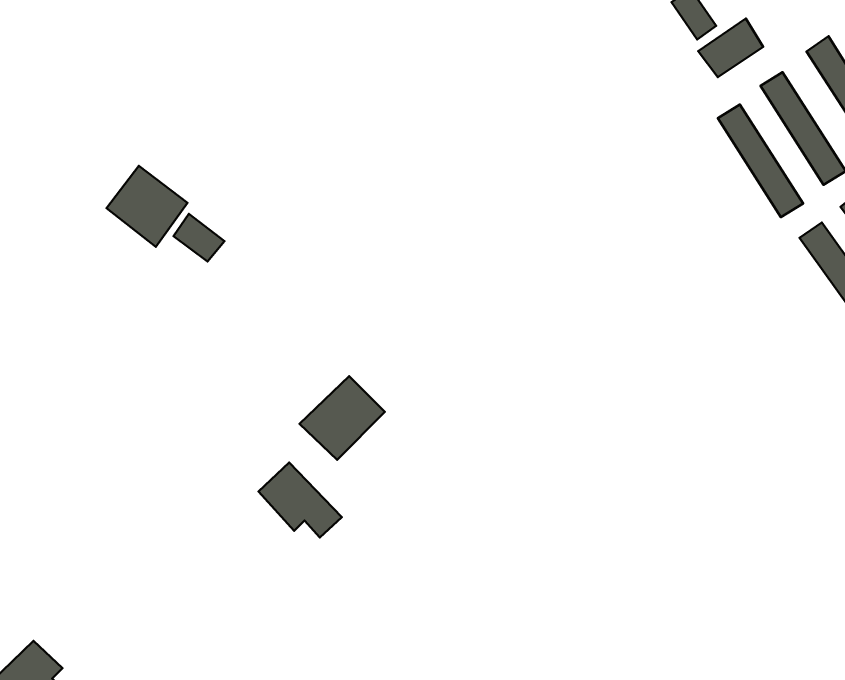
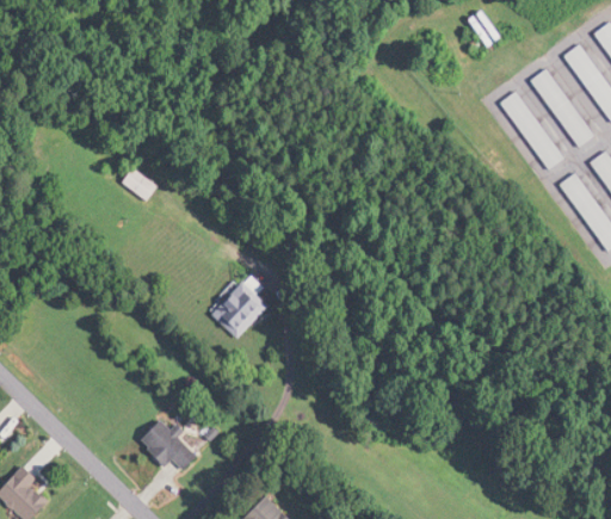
building: [698,19,763,77] -> none
building: [107,166,187,247] -> none
building: [258,462,342,538] -> [138,420,197,472]

